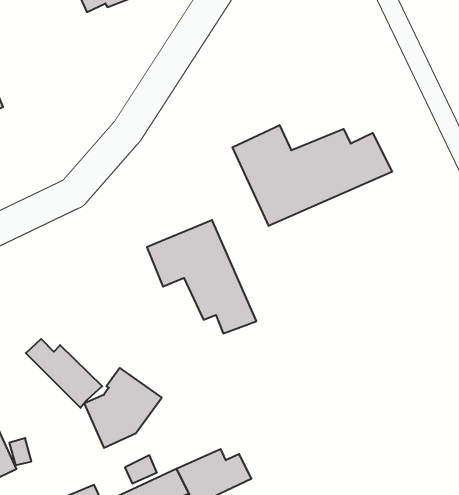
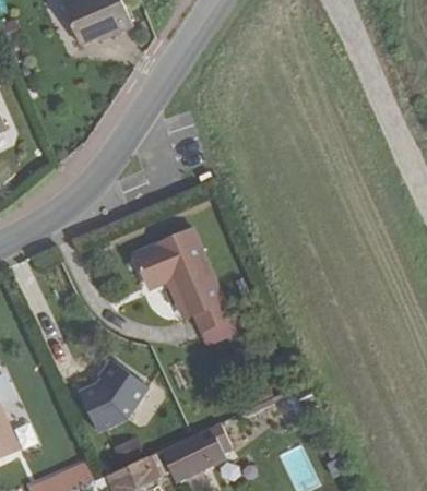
building: [232,125,392,226] -> none
building: [26,339,102,408] -> none

